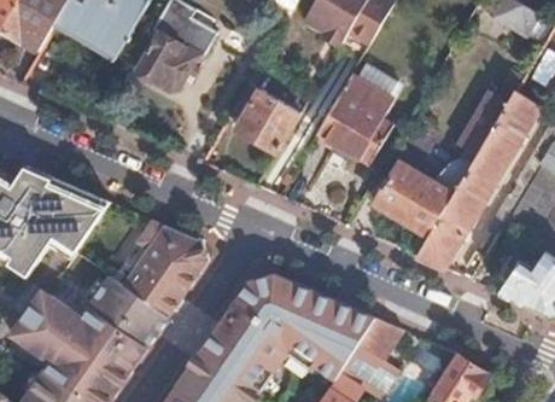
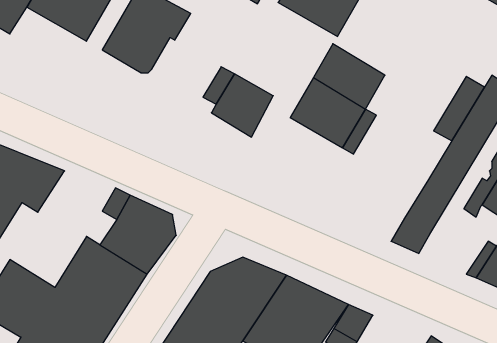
building: [376,168,454,238] -> none

